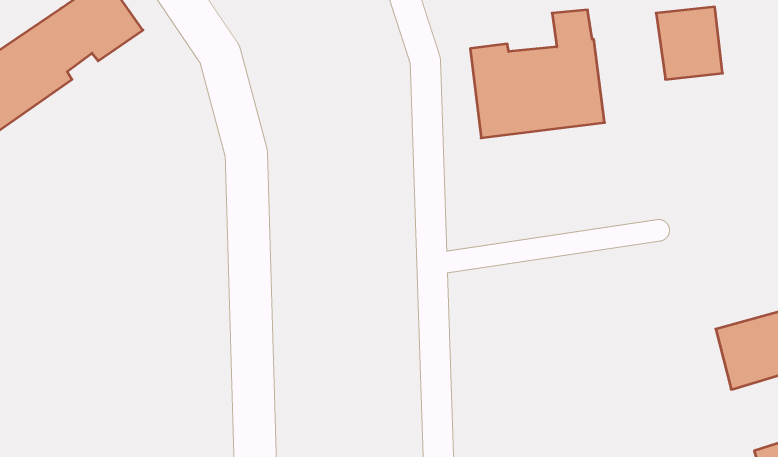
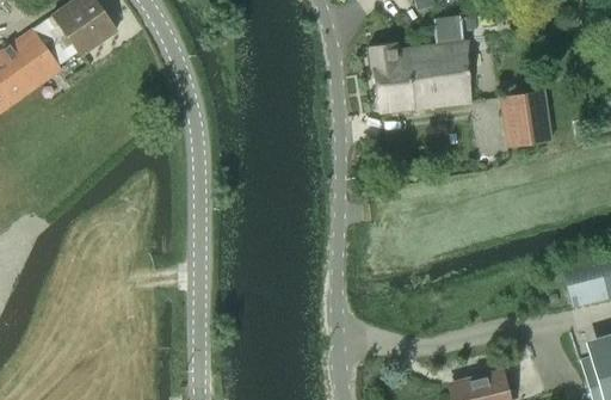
building: [656,7,723,79] -> [499,91,550,147]

